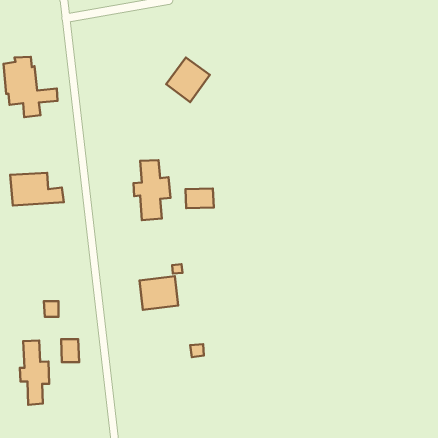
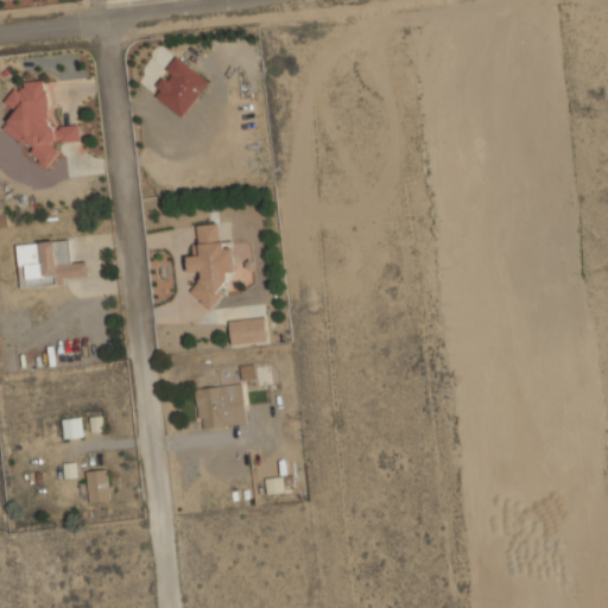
building: [166,58,210,102] -> [147,57,208,119]
building: [185,188,214,208] -> [227,318,266,346]
building: [20,341,49,405] -> none

